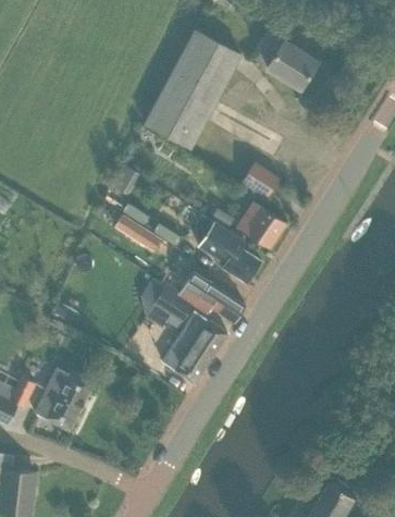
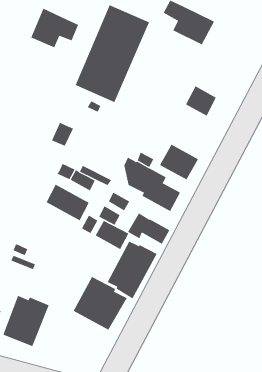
building: none -> [30,8,79,48]
building: [240,161,279,199] -> [185,85,216,116]
building: none -> [46,184,89,221]
building: none -> [73,276,127,330]

